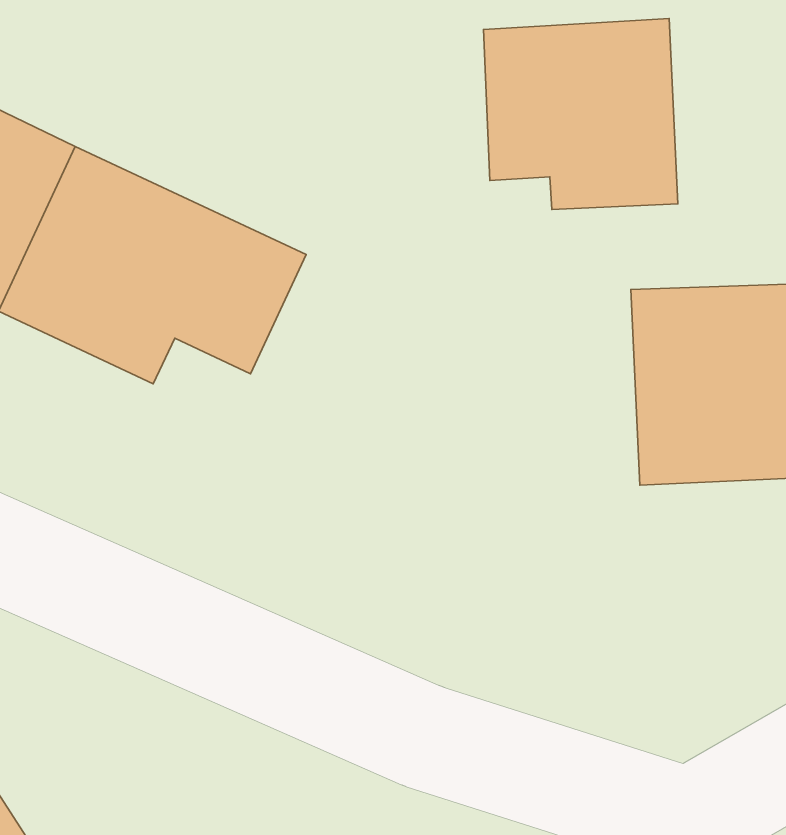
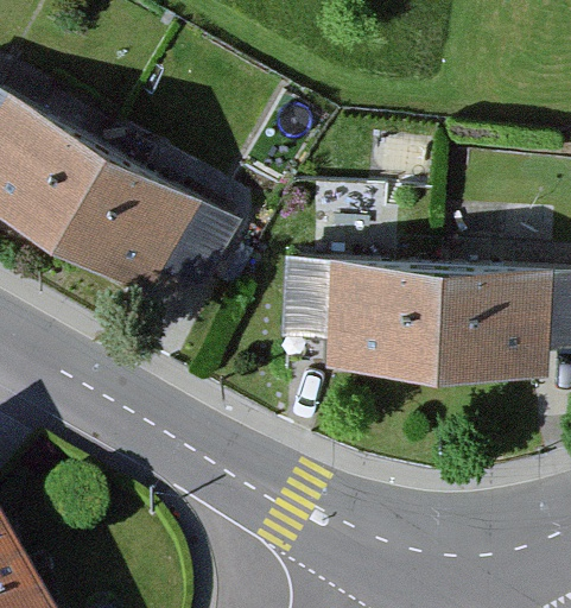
building: [483,19,678,210] -> none
building: none -> [277,236,450,370]

